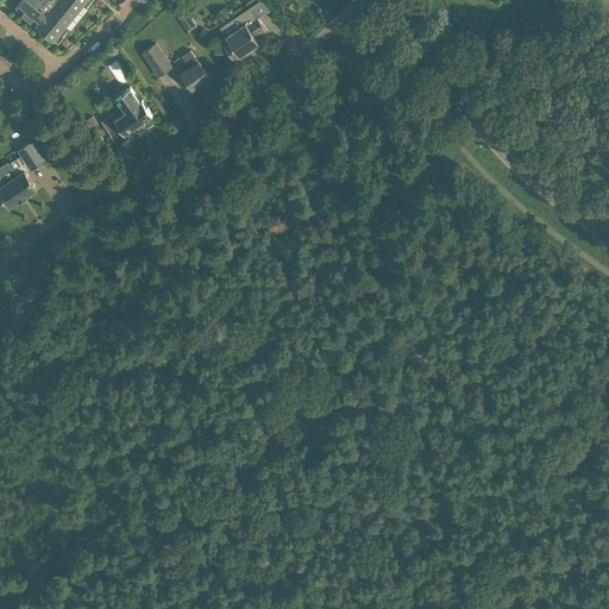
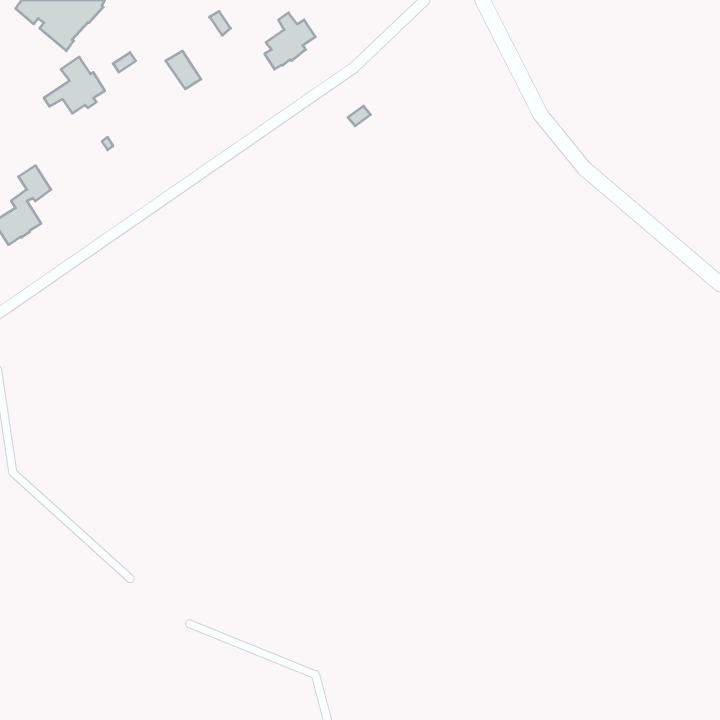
building: [180,51,207,89] -> none
building: [99,88,150,136] -> [44,57,105,113]

